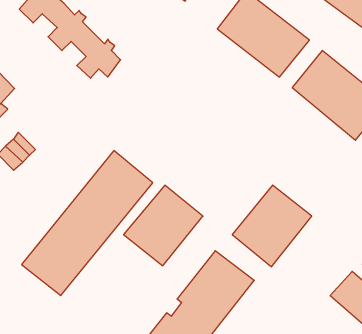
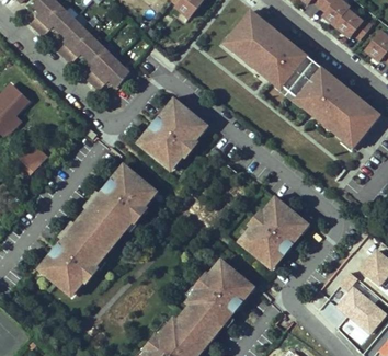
building: [124,185,203,266] -> [134,95,209,172]

